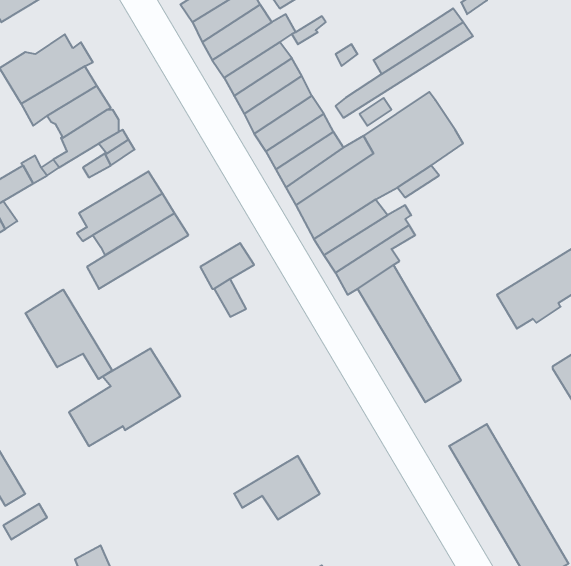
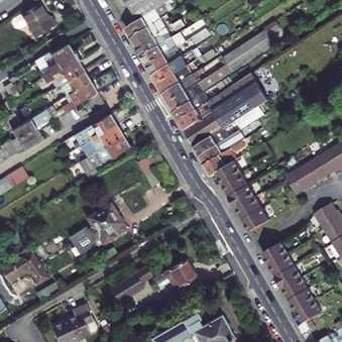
building: [25,290,112,379] -> none
building: none -> [111,272,143,300]

